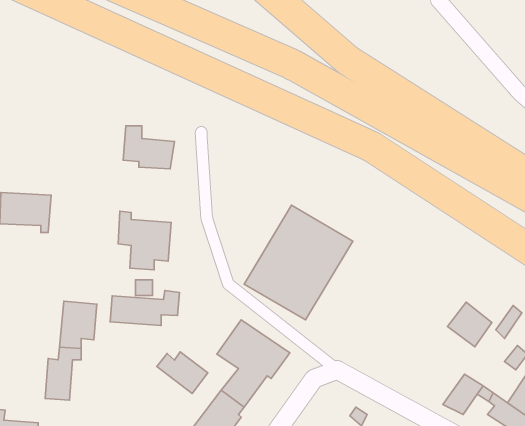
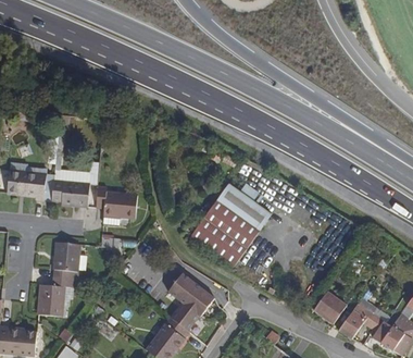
building: [123,126,175,169] -> [49,172,88,205]
building: [110,291,179,326] -> none
building: [448,302,492,347] -> [314,287,348,321]
building: [157,352,208,393] -> none

